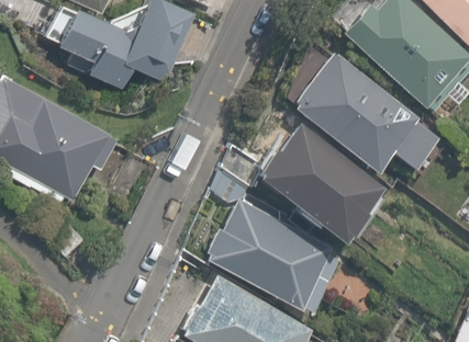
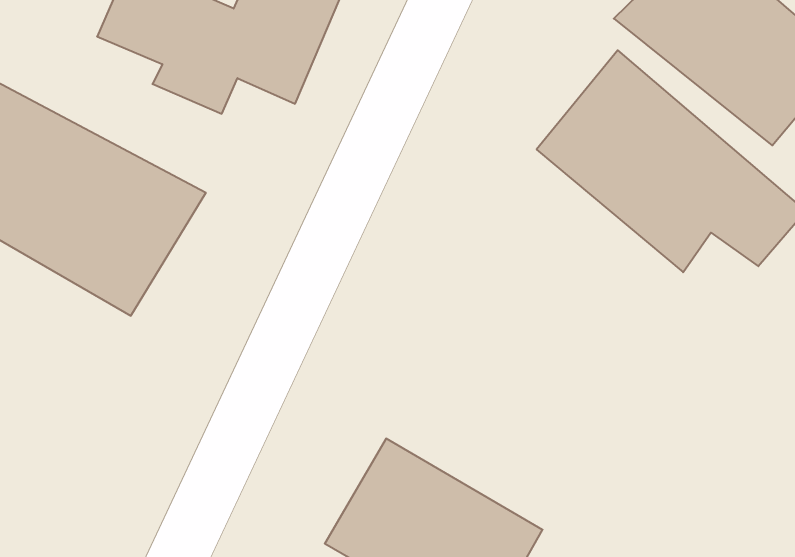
building: [261,128,384,246] -> none
building: [206,196,335,307] -> none

